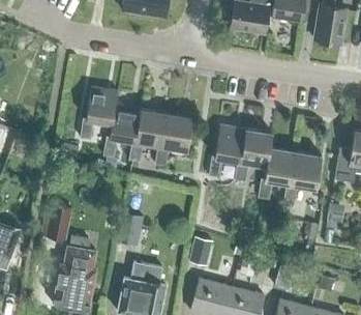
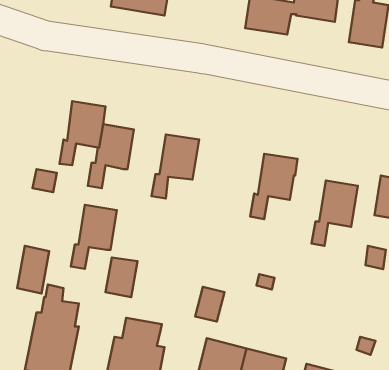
building: [128,110,166,162] -> [71,205,117,269]
building: [208,124,245,178] -> none
building: [258,147,295,200] -> none

